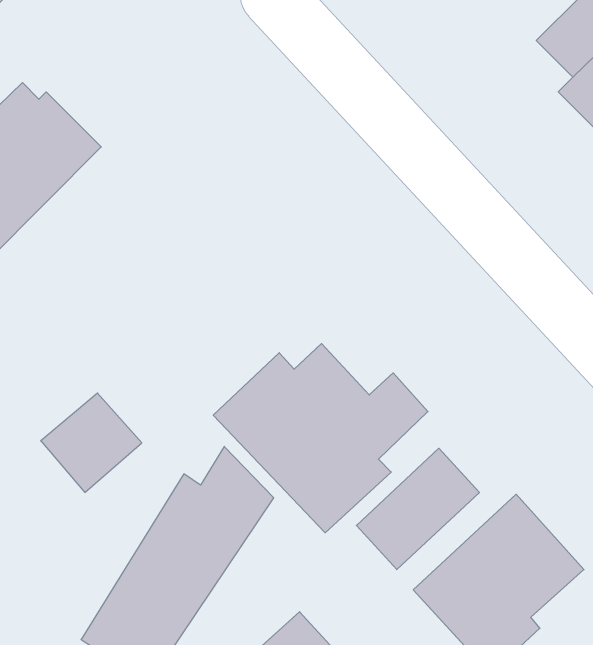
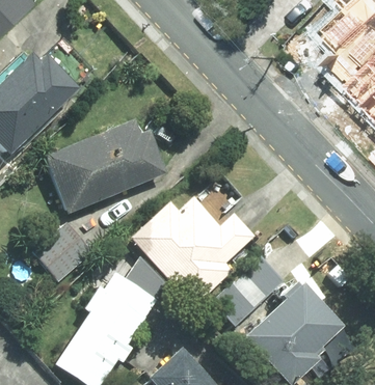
building: none -> [47,121,165,212]

